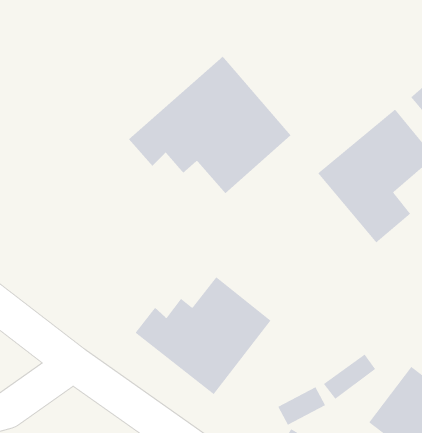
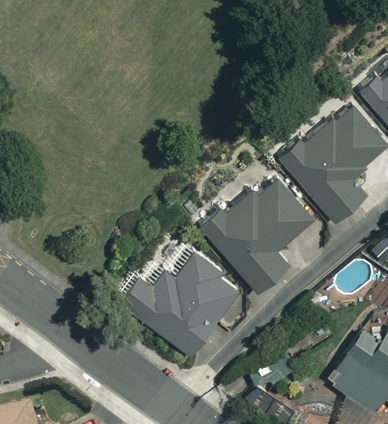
building: [128,56,292,194] -> none
building: none -> [199,175,312,293]

